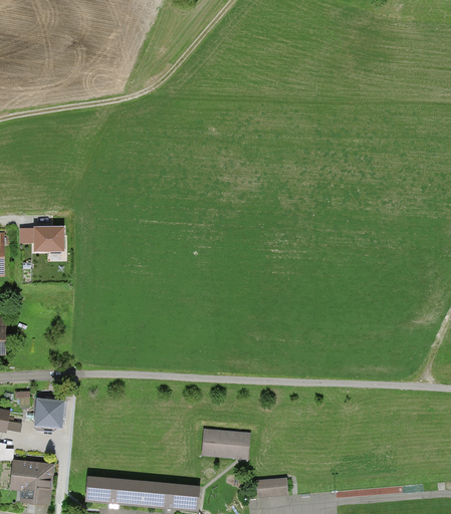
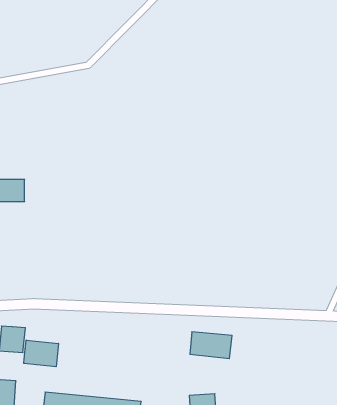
building: none -> [24,340,58,367]
building: [201,428,250,459] -> [190,332,232,359]

